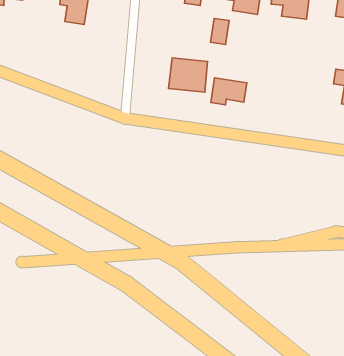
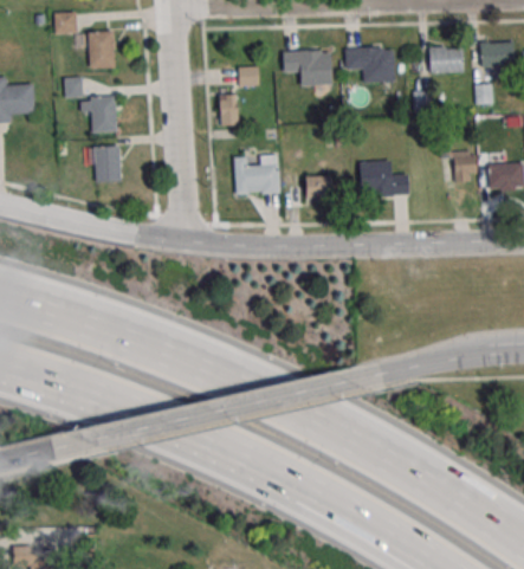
building: [211,18,229,45] -> [220,93,239,124]
building: none -> [92,146,122,182]
building: none -> [360,160,410,196]

